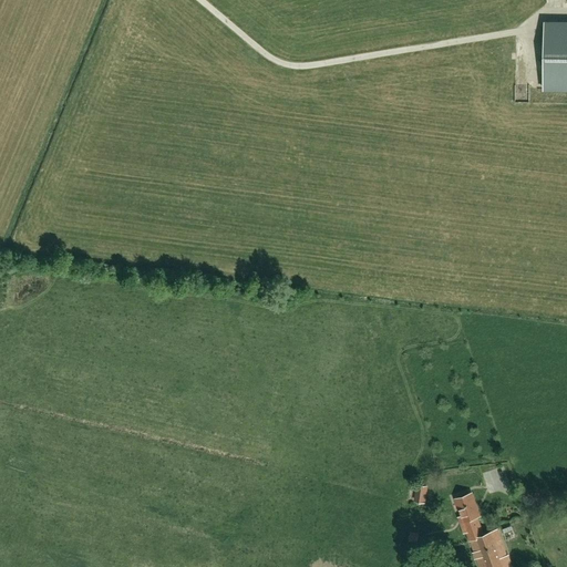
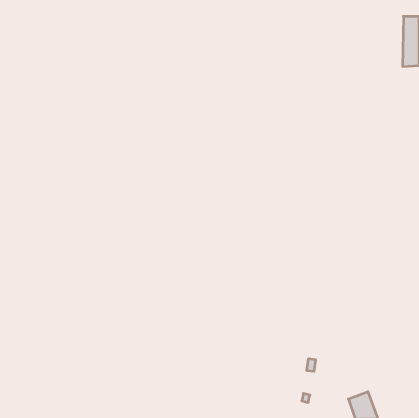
building: [455,493,483,542] -> none

